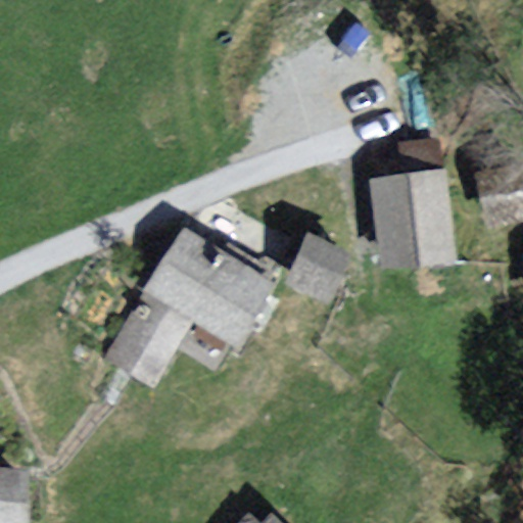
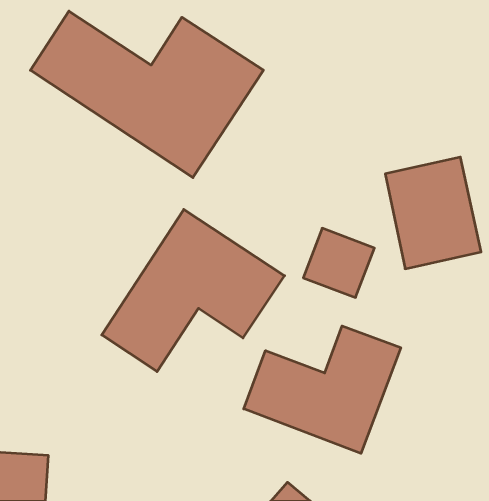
building: none -> [30,11,263,178]
building: none -> [244,326,401,453]

